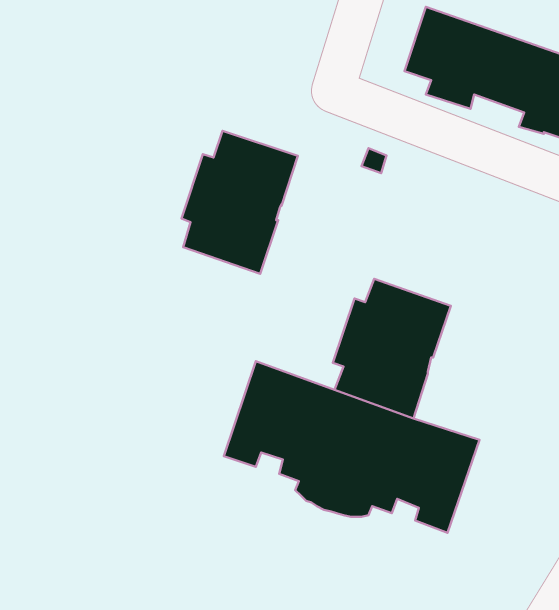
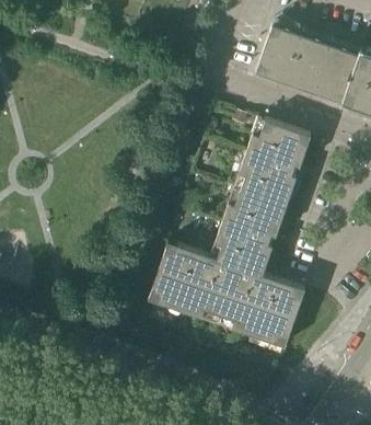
building: [181,131,298,274] -> [239,120,310,208]

